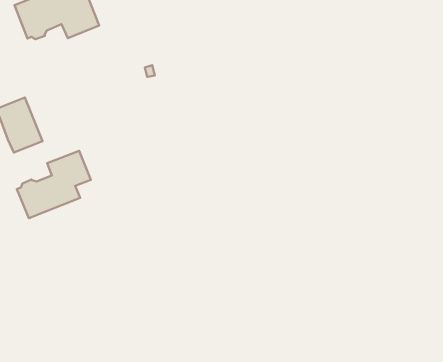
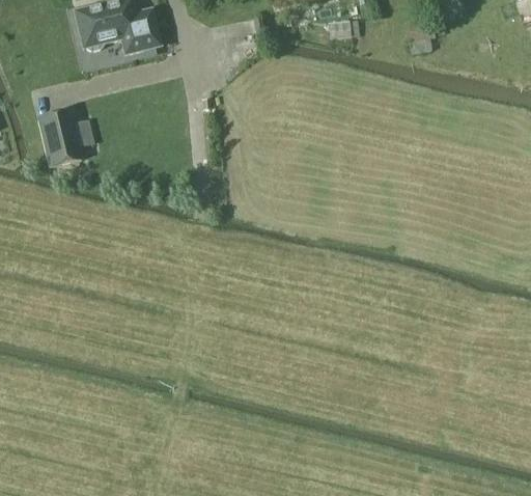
building: [17,151,91,218] -> none

